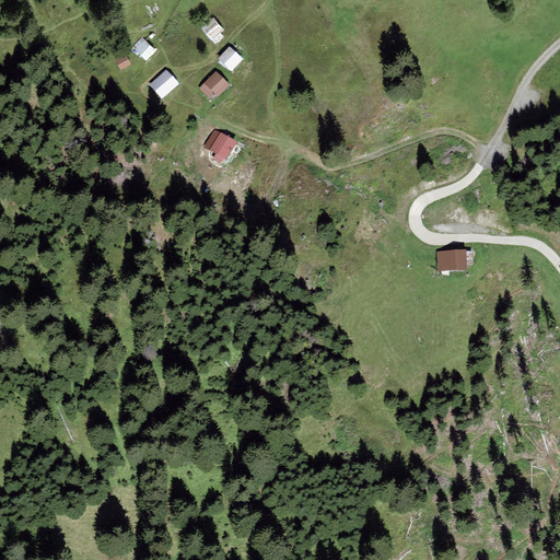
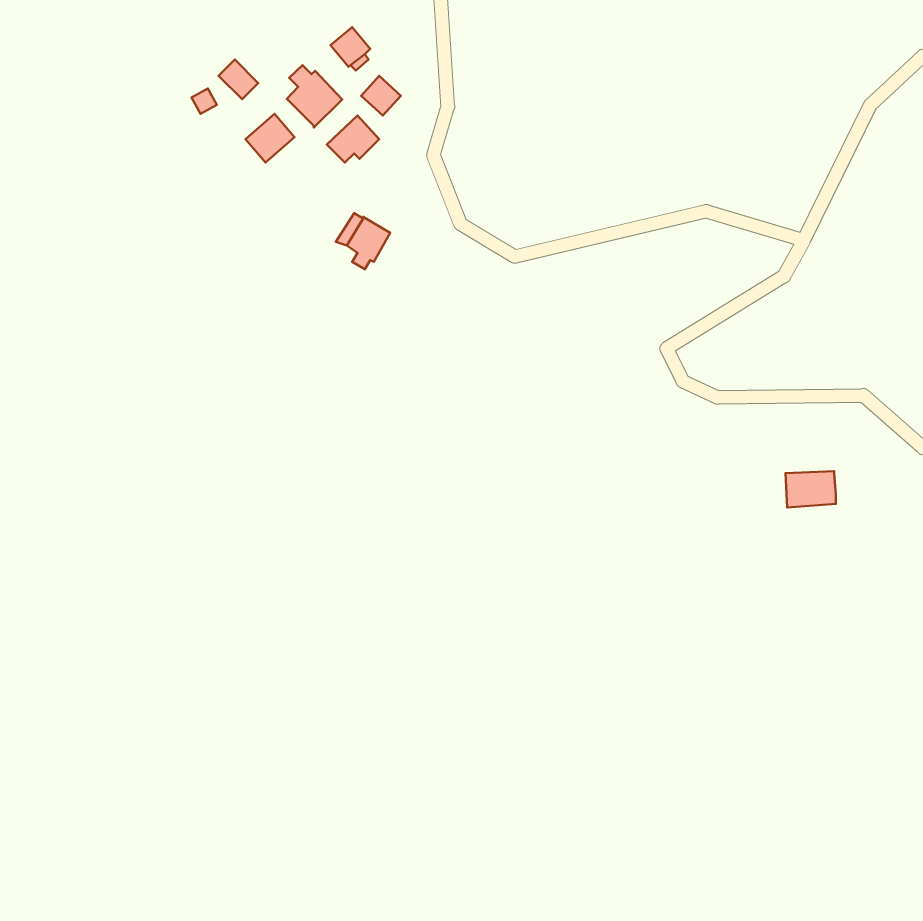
building: none -> [287,65,342,128]
building: [436,249,467,271] -> [785,471,836,507]

